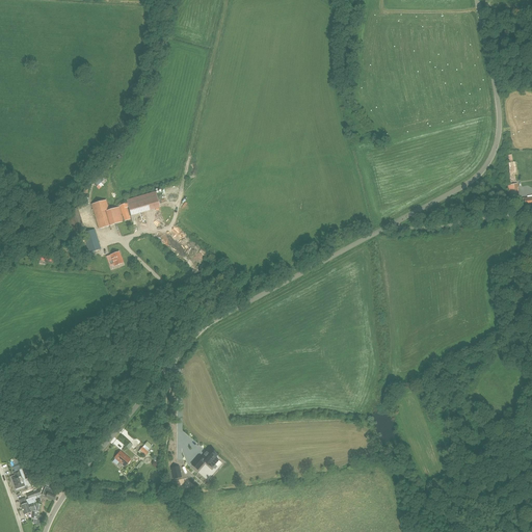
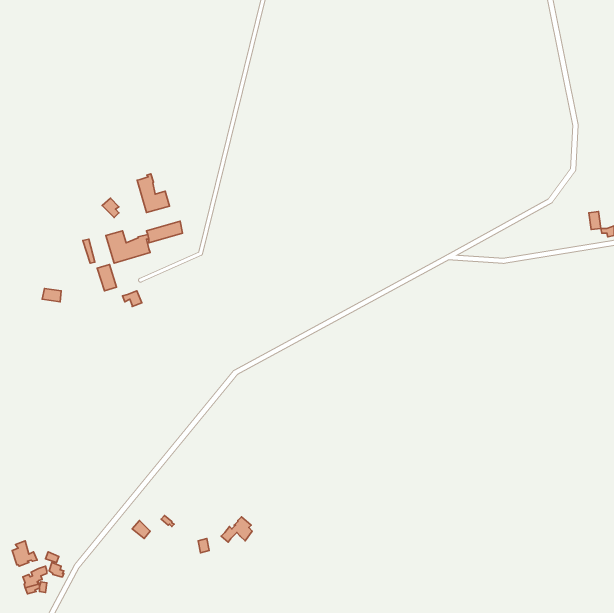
building: none -> [137,174,170,213]

